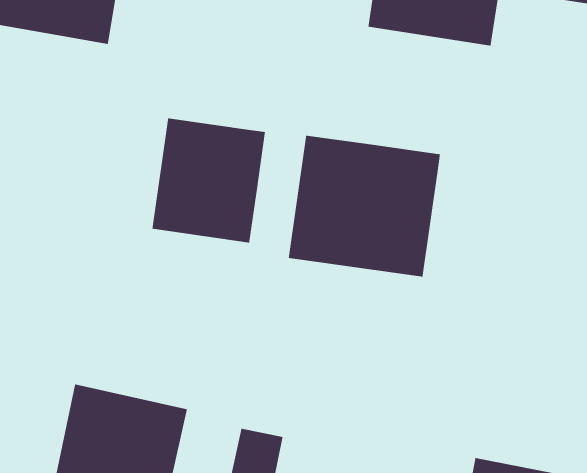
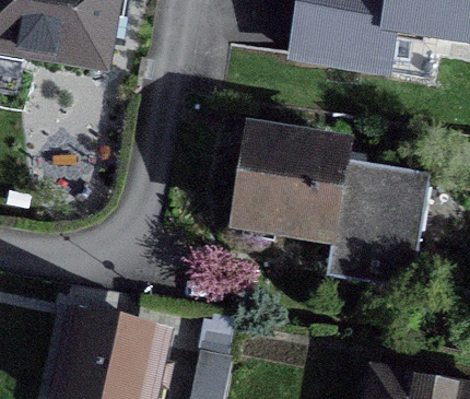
building: [152,118,266,243] -> none
building: none -> [329,163,426,291]

